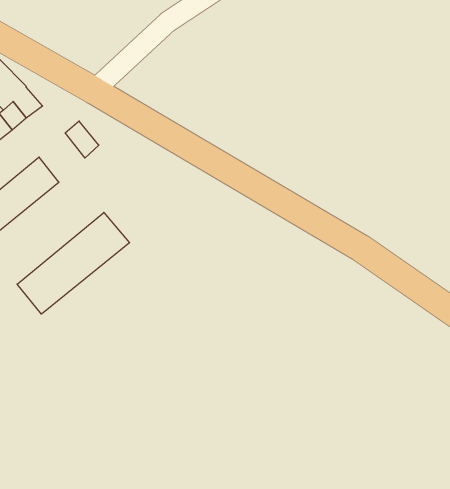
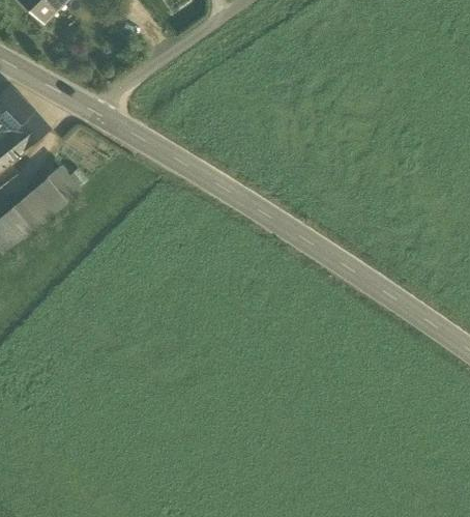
building: [65,121,99,158] -> [46,168,78,203]
building: [17,212,130,314] -> none

